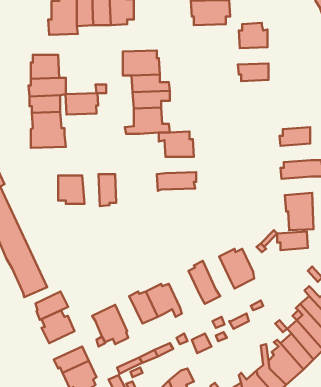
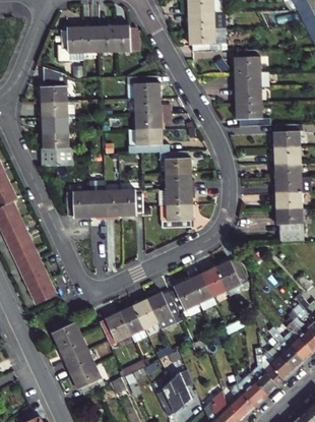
building: none -> [233,72,268,88]
building: none -> [236,103,270,127]
building: [65,93,98,114] -> none
building: none -> [273,125,300,148]
building: none -> [272,162,301,179]
building: none -> [166,174,194,189]
building: none -> [119,189,143,217]
building: none -> [88,190,105,220]
building: none -> [162,203,193,229]
building: [277,231,308,250] -> [273,192,302,209]
building: none -> [200,266,227,297]
building: none -> [169,280,198,313]
building: [35,291,68,320] -> [58,336,88,362]
building: none -> [119,303,147,342]

